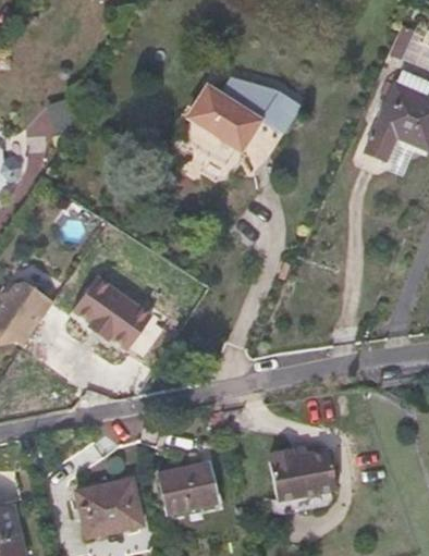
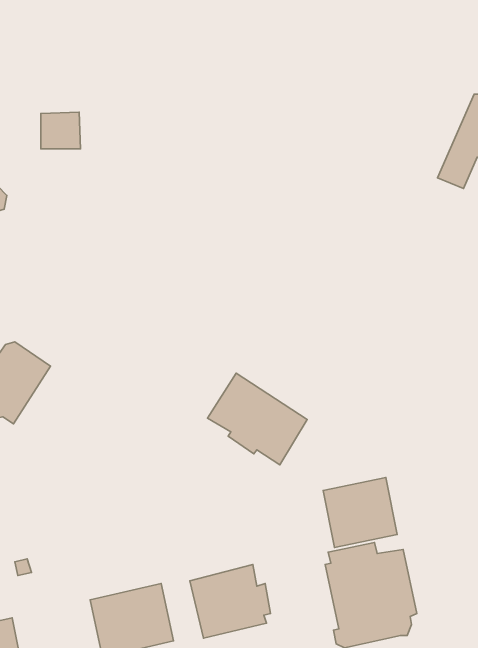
building: [176,79,295,165] -> none
building: [68,276,147,349] -> [208,373,307,465]
building: none -> [323,477,397,548]

